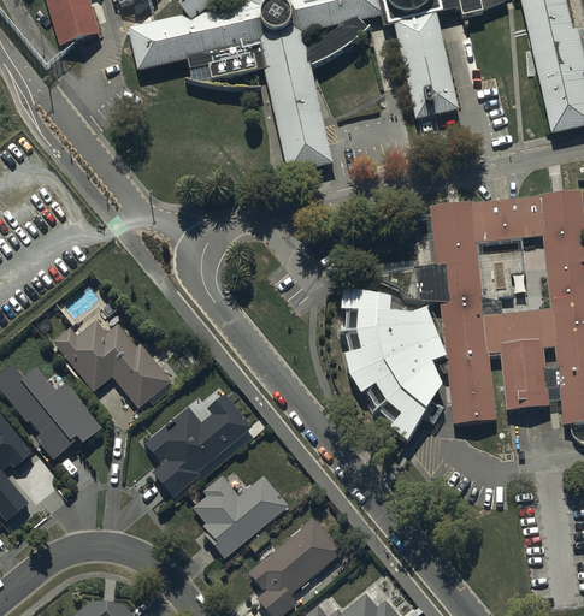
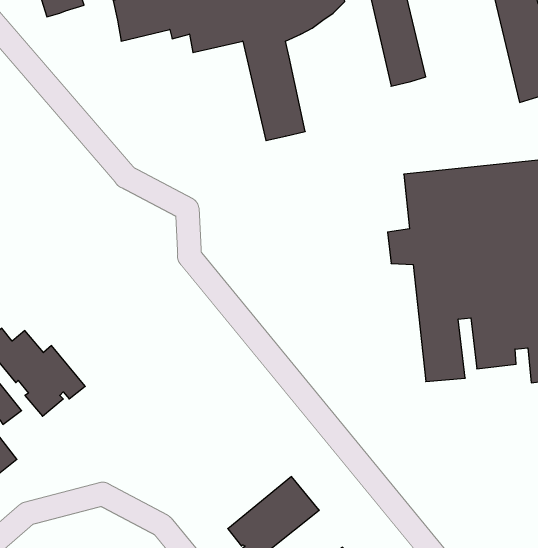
building: [342,285,444,438] -> none
building: [51,318,170,409] -> none
building: [144,396,253,499] -> none
building: [191,476,288,561] -> none

